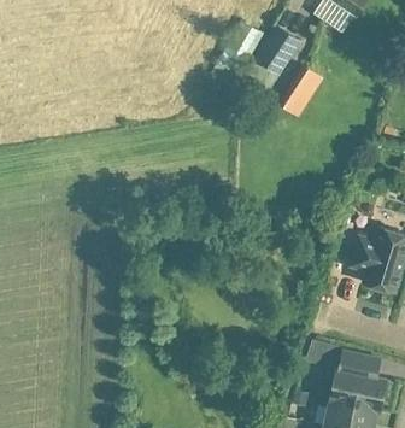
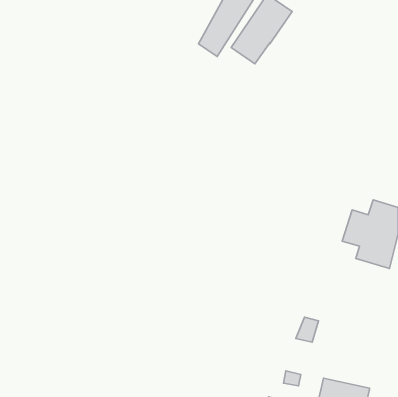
building: [278,77,315,116] -> none
building: [331,350,386,409] -> none

